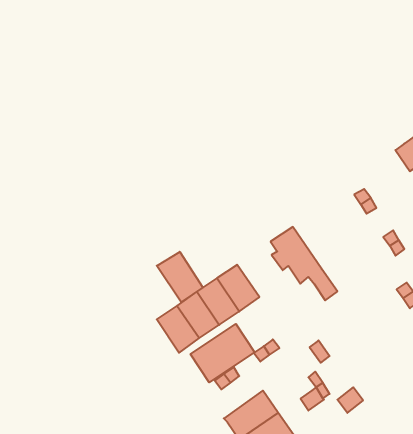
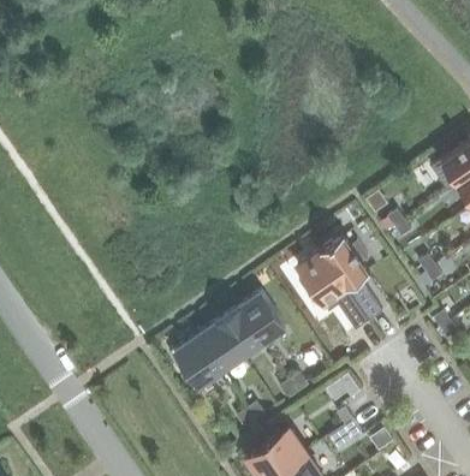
building: none -> [321,234,382,321]
building: [157,252,203,302] -> none
building: [191,324,255,382] -> none

